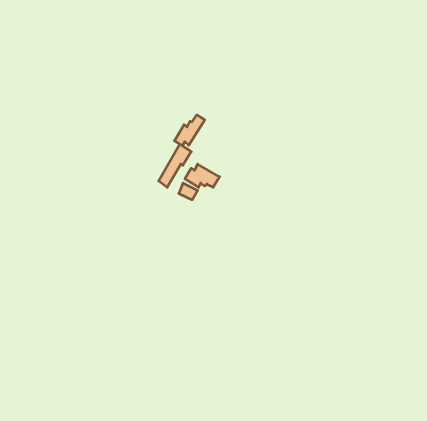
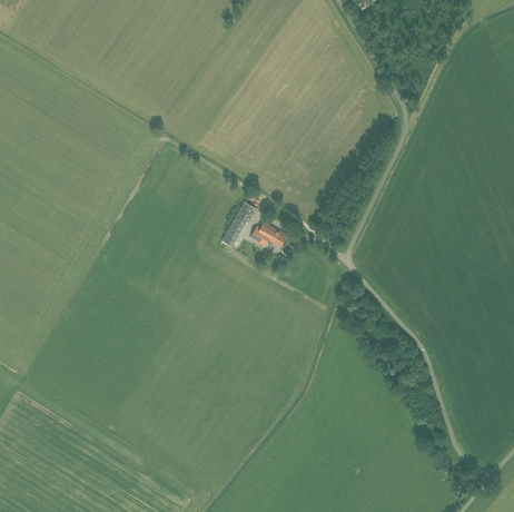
building: [174,115,205,146] -> none

